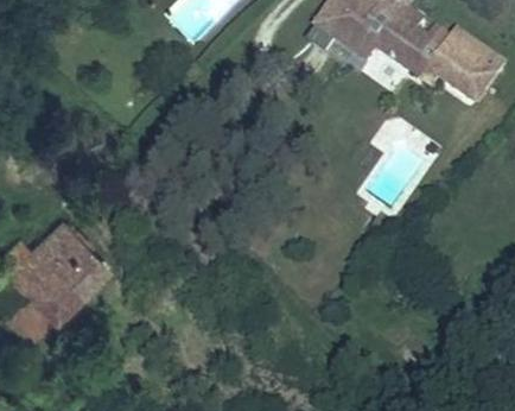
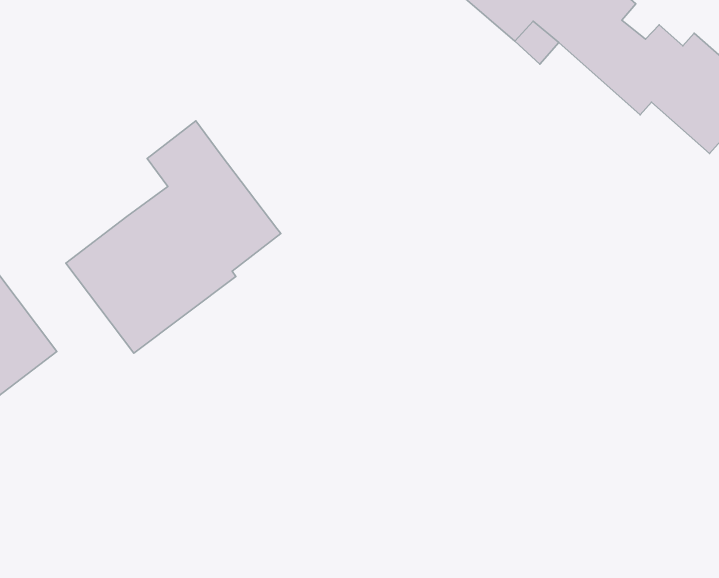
building: none -> [66,121,281,353]

